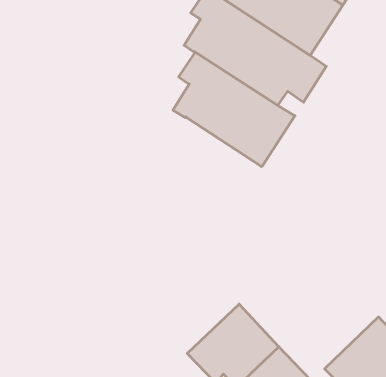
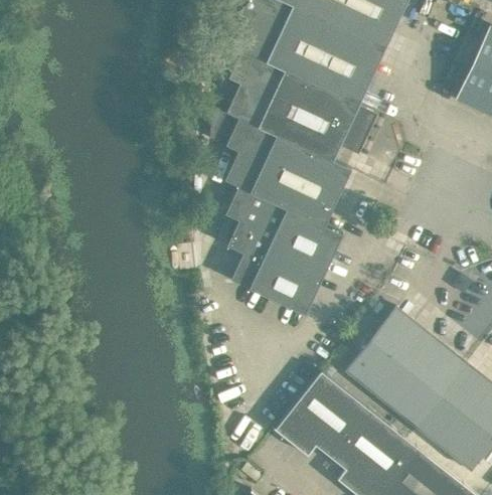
building: none -> [226,186,344,315]
building: none -> [347,308,468,426]

